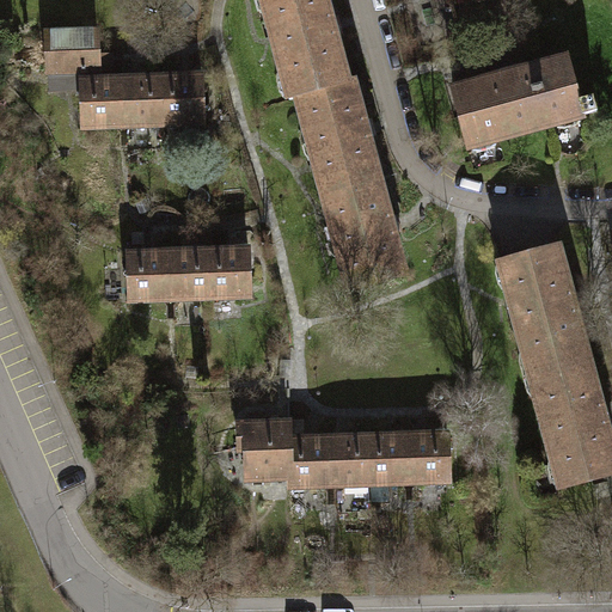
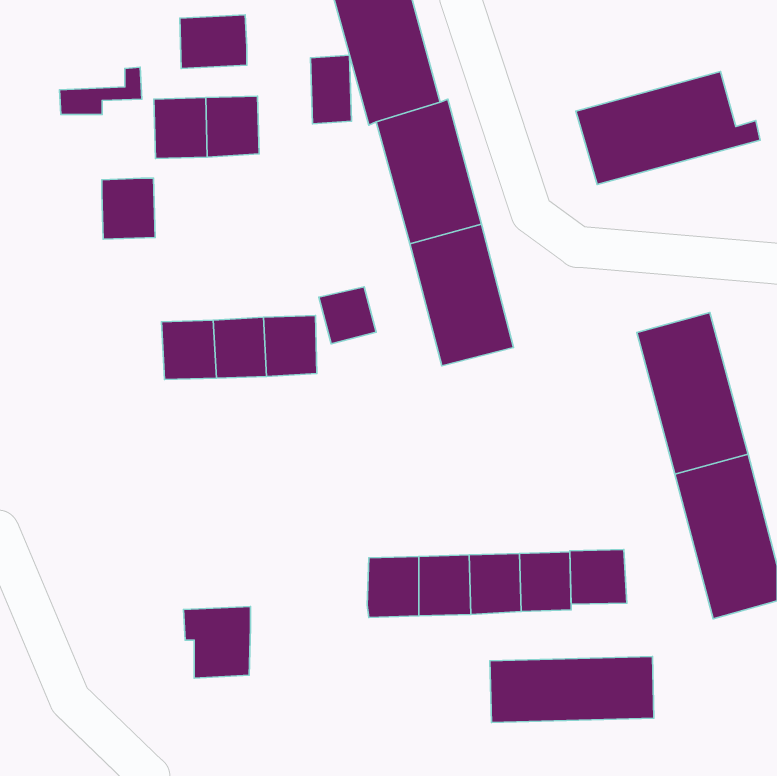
building: [45,29,98,71] -> [180,15,247,68]
building: none -> [311,55,351,124]
building: [80,78,122,126] -> [102,178,155,239]
building: none -> [319,287,376,344]
building: [237,421,289,477] -> [184,606,251,678]
building: none -> [570,550,627,604]
building: none -> [490,656,654,723]

